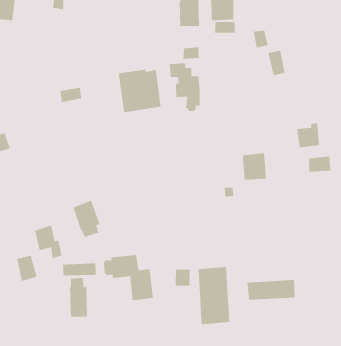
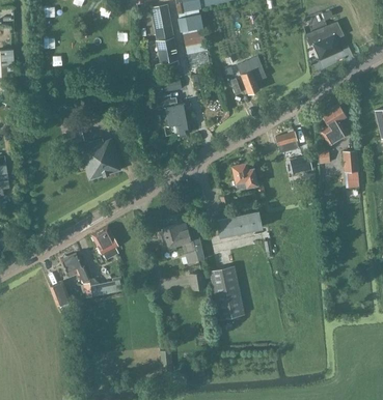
building: [118,69,161,113] -> [78,138,120,180]
building: [103,254,154,301] -> [157,223,206,264]
building: [69,277,88,317] -> none
building: [247,279,295,301] -> [216,211,261,236]

